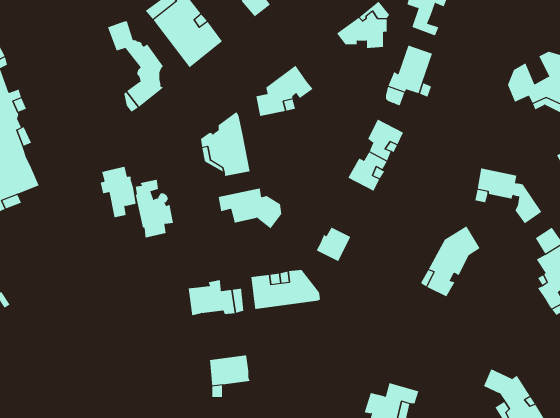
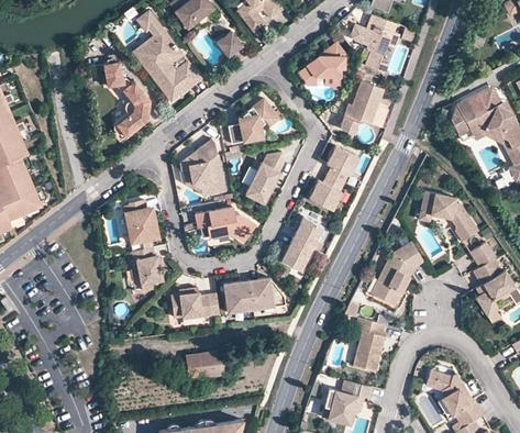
building: none -> [245,153,284,204]
building: [100,166,136,218] -> [129,247,161,292]
building: none -> [295,218,323,251]
building: none -> [354,317,386,370]

